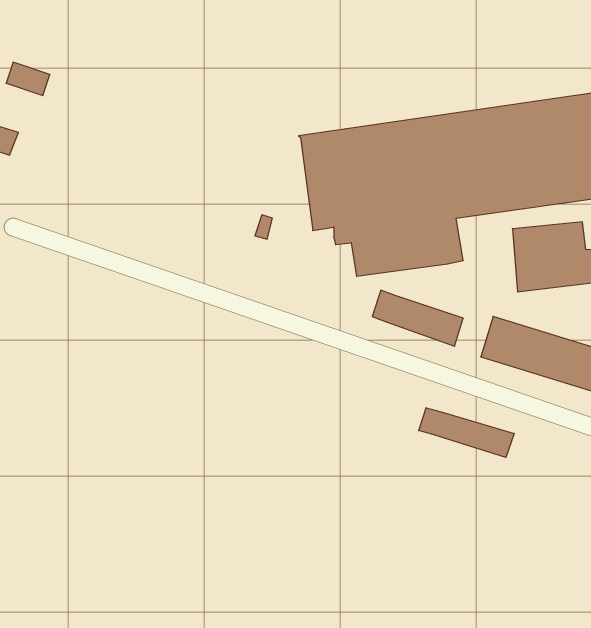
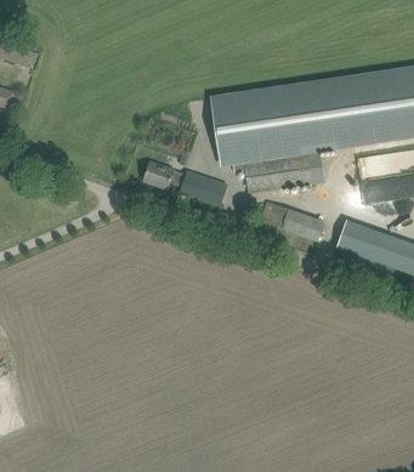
building: none -> [143,163,227,207]
building: [419,408,514,457] -> none

